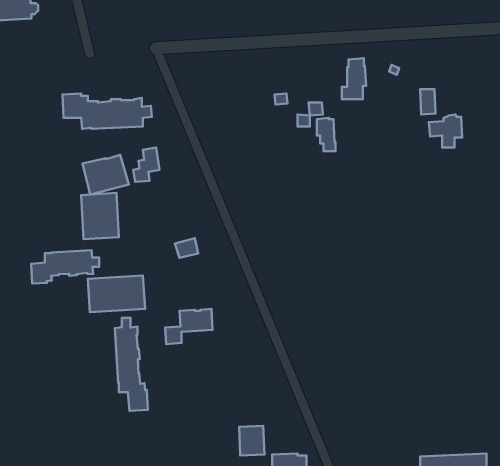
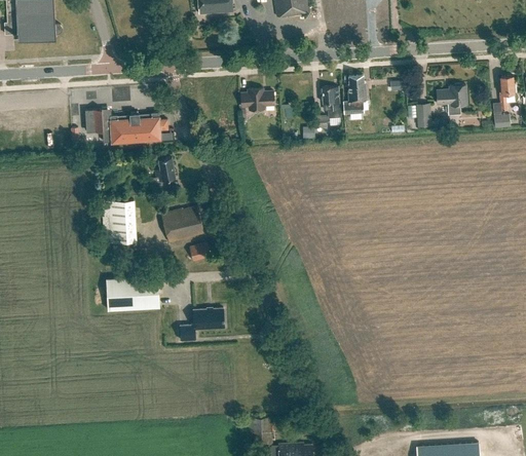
building: none -> [241,88,275,110]
building: [429,114,462,148] -> [437,83,467,114]
building: [317,118,336,151] -> [323,86,340,117]
building: [83,155,129,195] -> [161,205,204,242]
building: [31,250,99,284] -> none
building: [115,318,148,411] -> none

